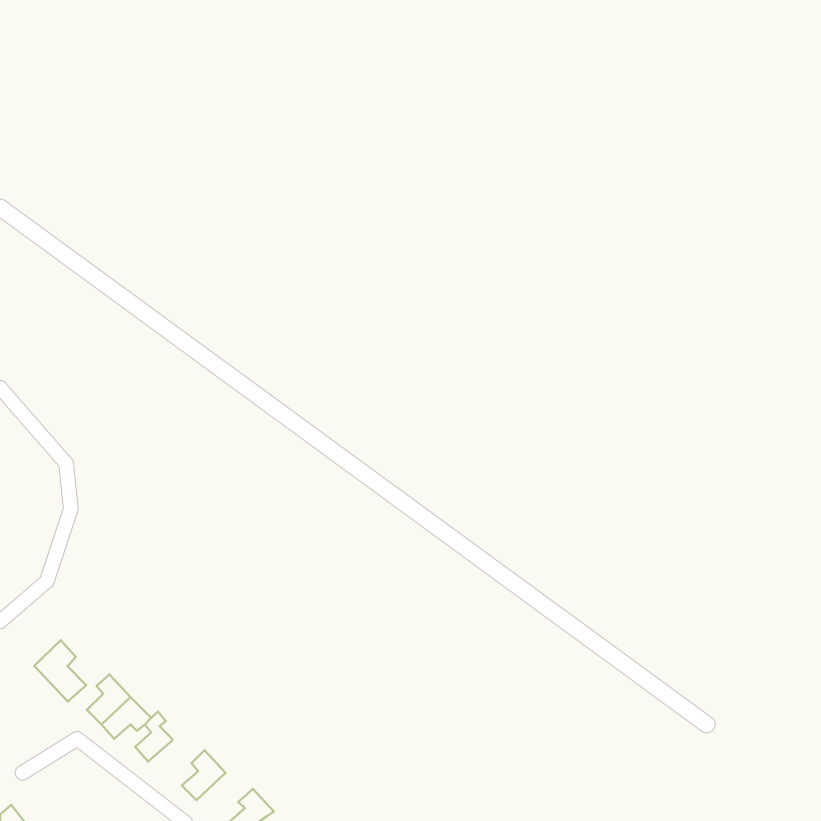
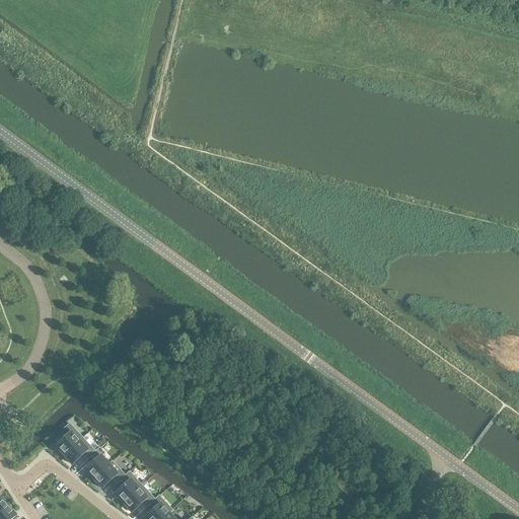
building: [34,640,86,702] -> none
building: none -> [94,463,126,491]
building: none -> [125,488,156,514]

